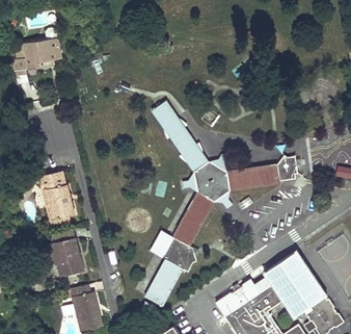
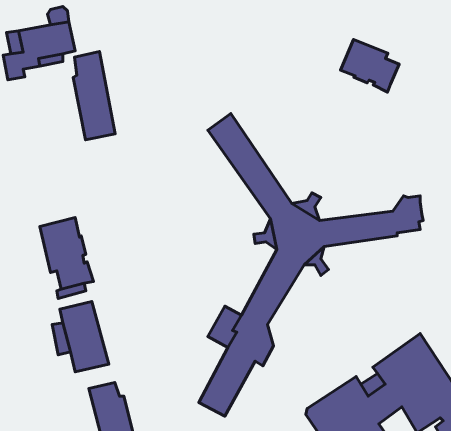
building: none -> [340,39,399,92]
building: none -> [73,52,115,140]

